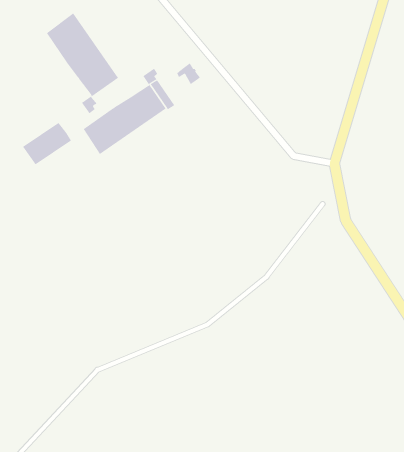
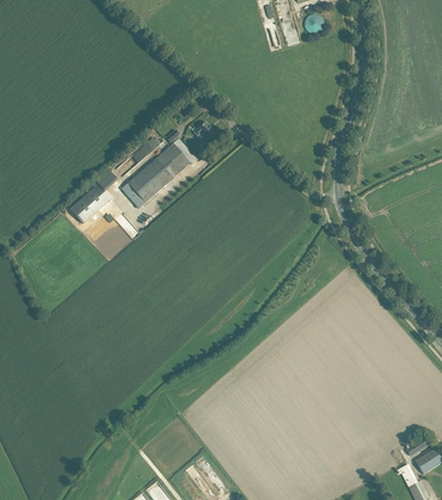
building: [46,13,119,114] -> none

